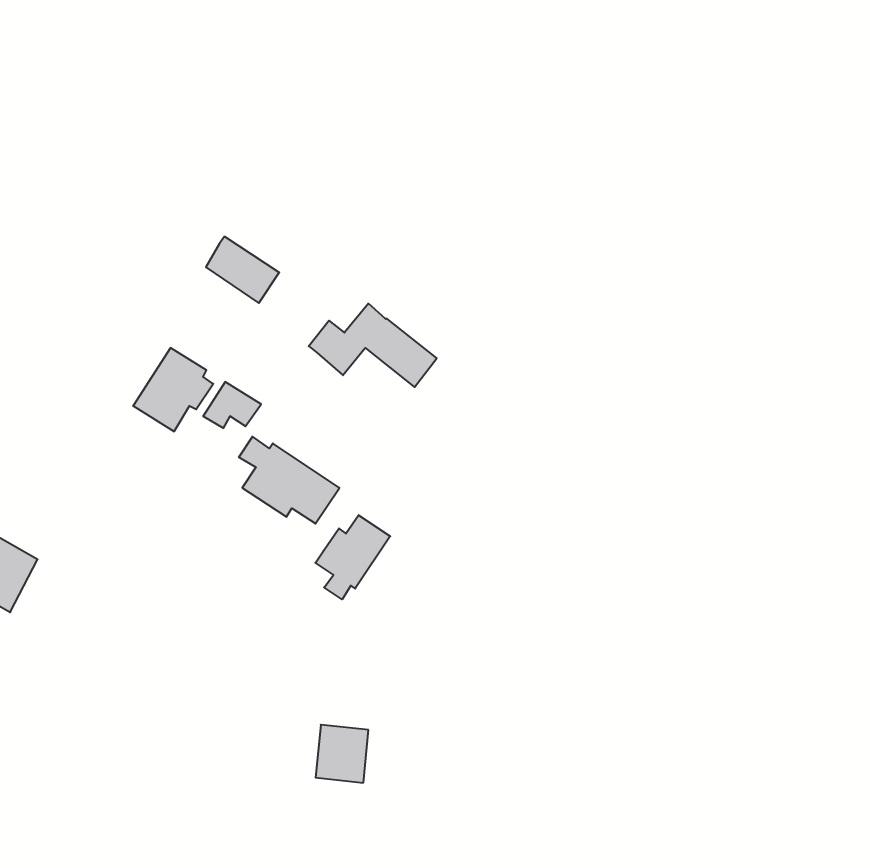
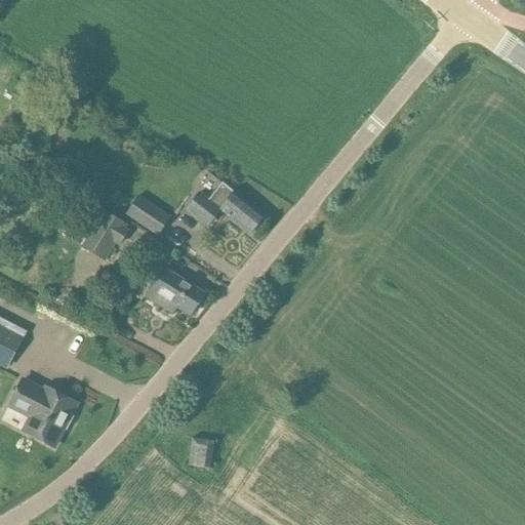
building: [206,237,279,303] -> [125,195,169,235]
building: [315,515,390,599] -> none
building: none -> [5,375,79,448]

